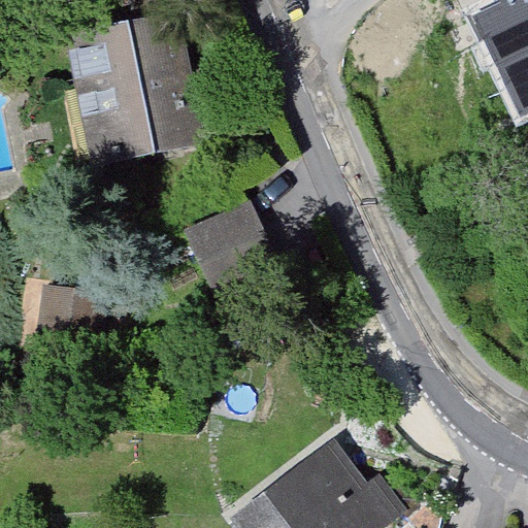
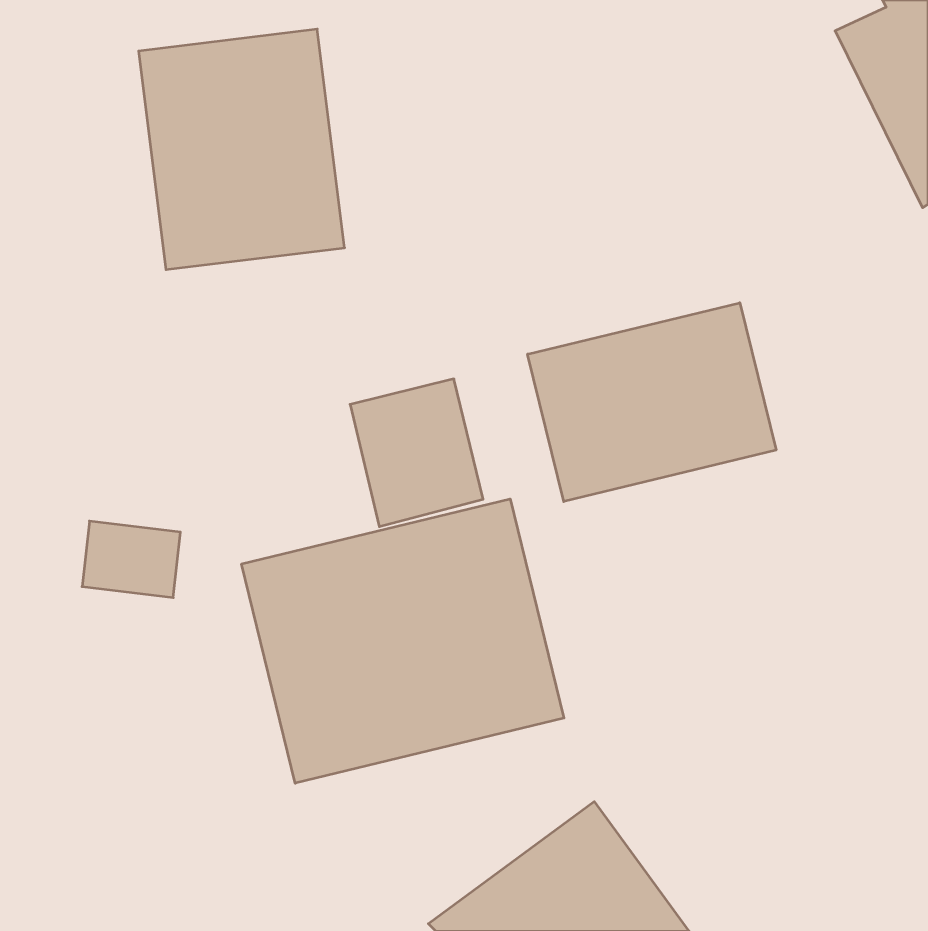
building: none -> [528,303,776,502]
building: none -> [242,499,564,783]

